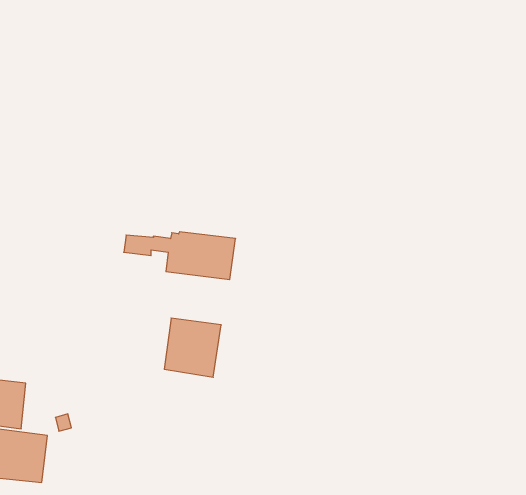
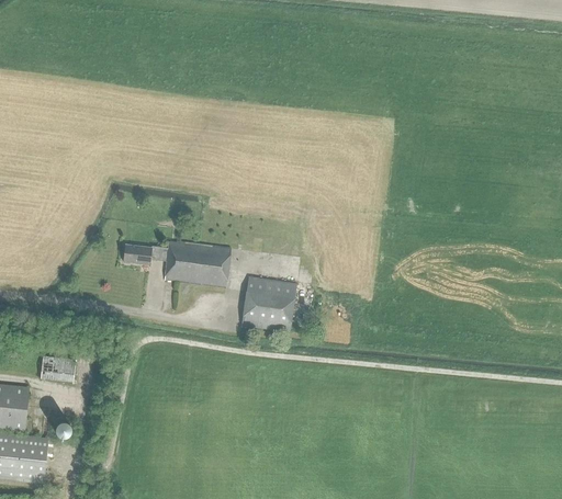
building: [164,318,221,377] -> [240,275,295,332]
building: none -> [41,353,76,379]

